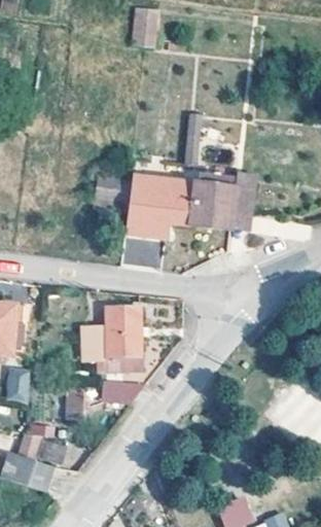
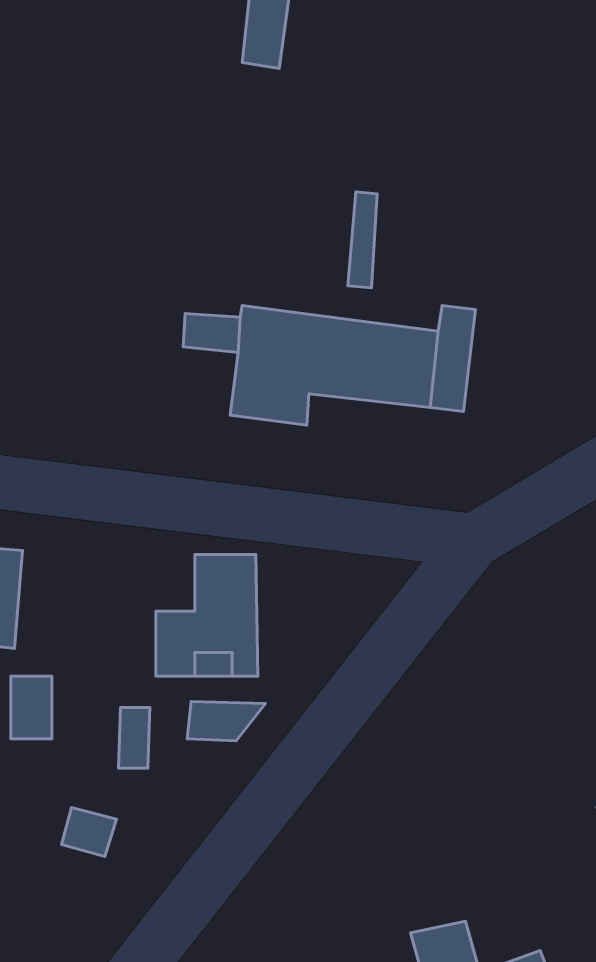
building: [10,456,51,489] -> none

